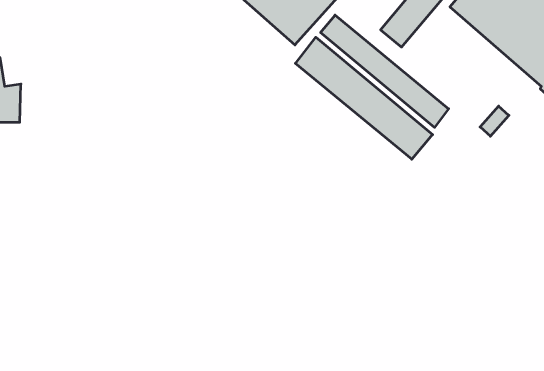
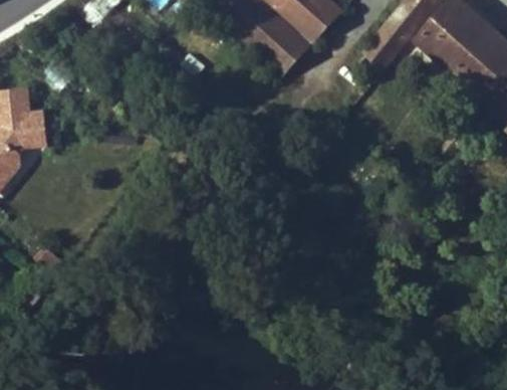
building: [321,15,449,127] -> none
building: [295,37,433,159] -> none

